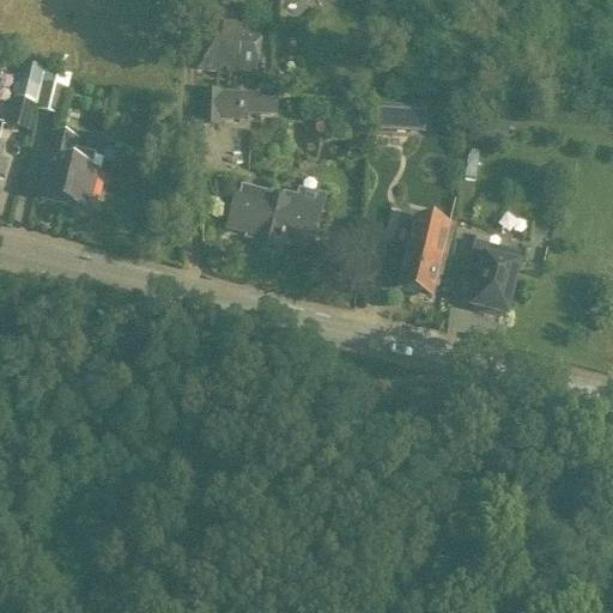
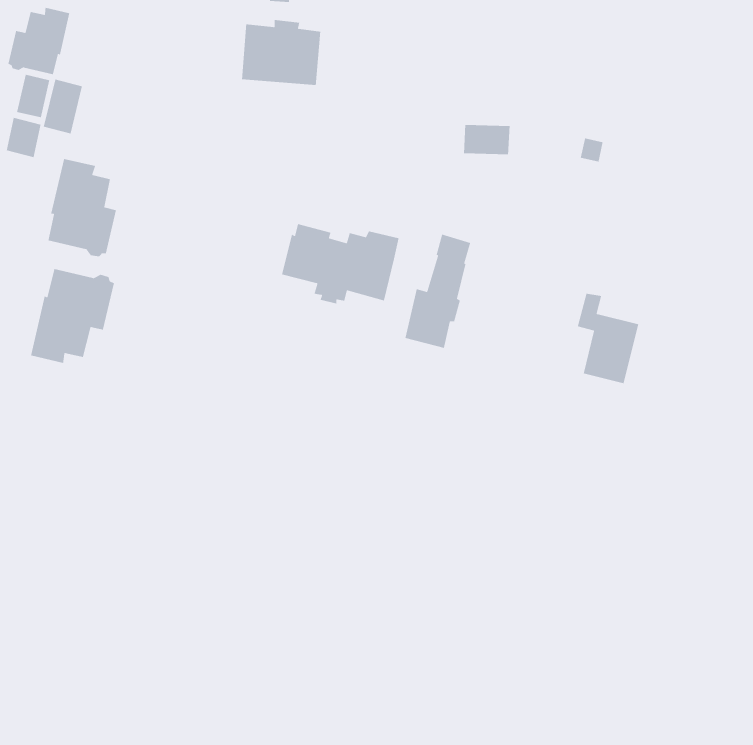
building: none -> [8,7,70,75]
building: [200,86,280,123] -> none
building: [401,199,455,292] -> [404,234,471,349]
building: none -> [30,268,115,364]

